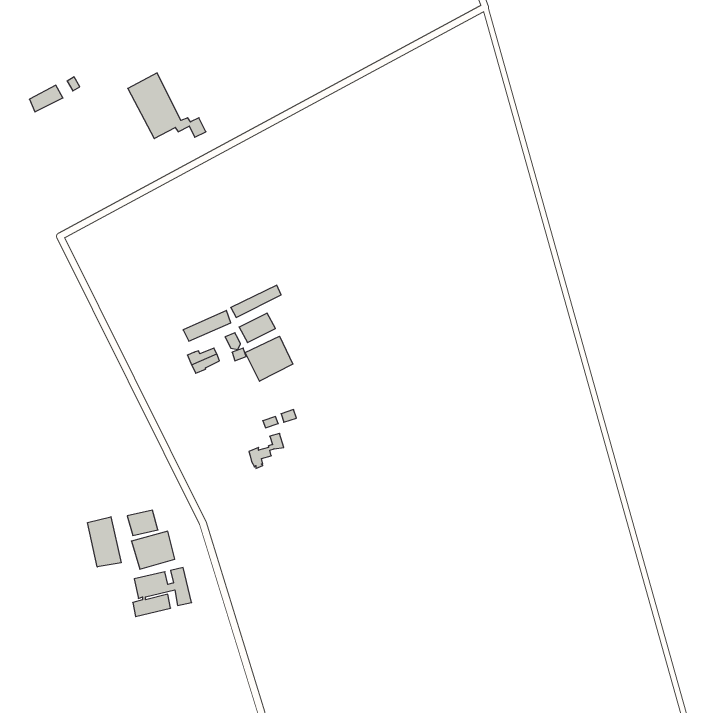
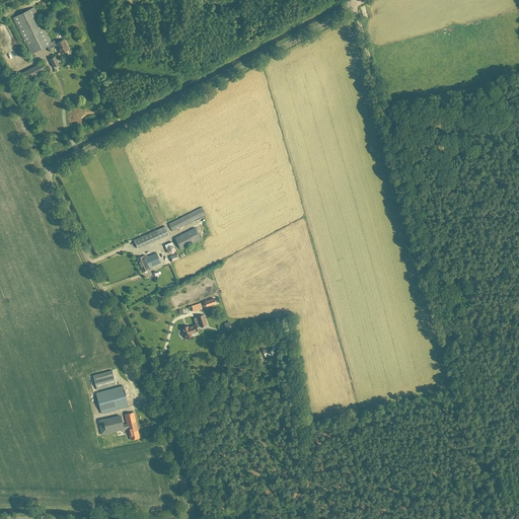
building: [128,73,206,139] -> [11,6,68,54]
building: [245,336,293,381] -> none
building: [88,517,121,567] -> none

